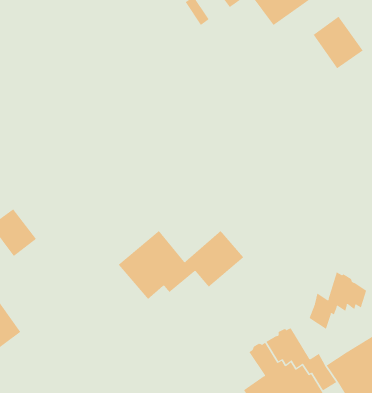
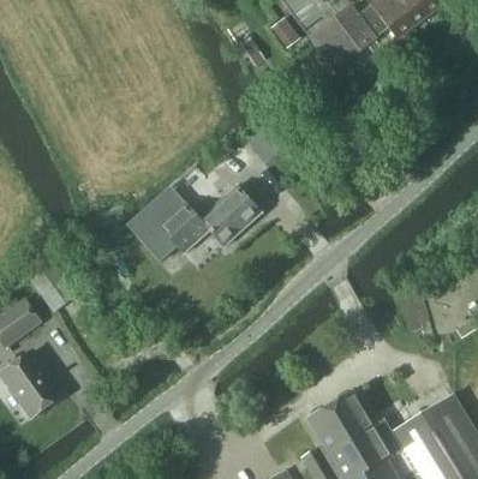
building: [313,16,364,69] -> none
building: [118,230,244,300] -> [126,185,262,259]
building: [309,271,367,330] -> none

